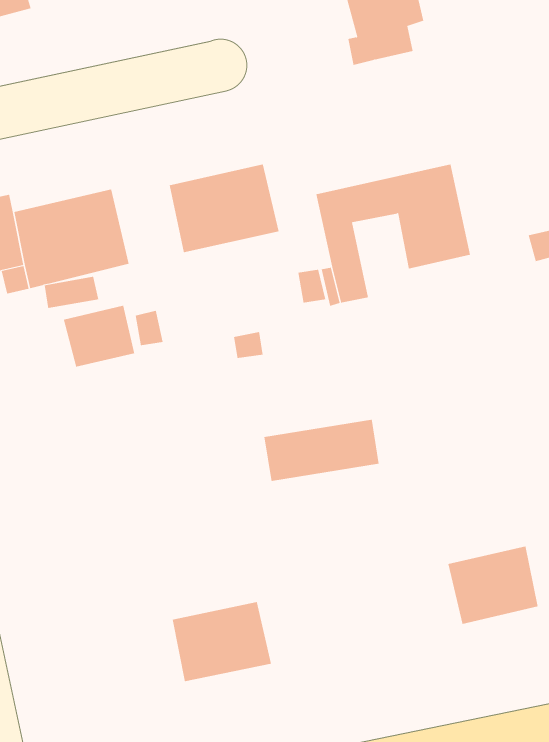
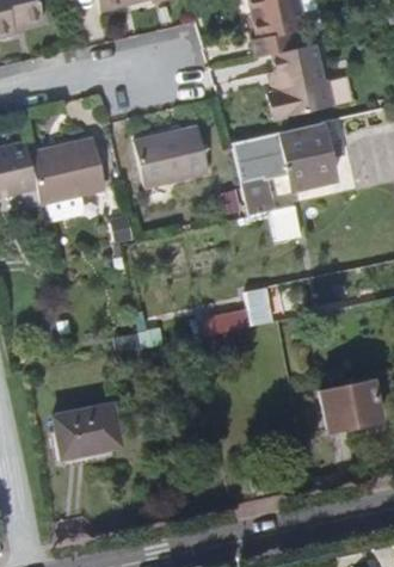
building: none -> [271,44,330,117]
building: [63,305,135,368] -> none
building: [172,601,272,682] -> [50,406,117,460]

